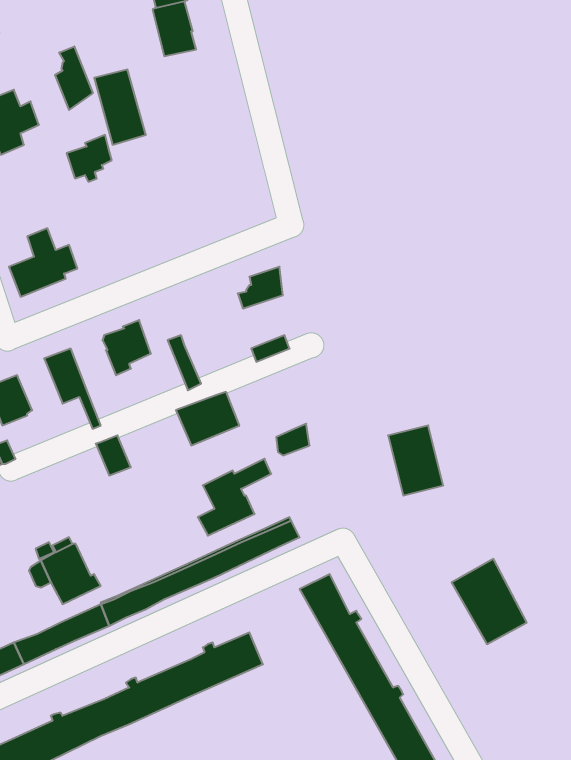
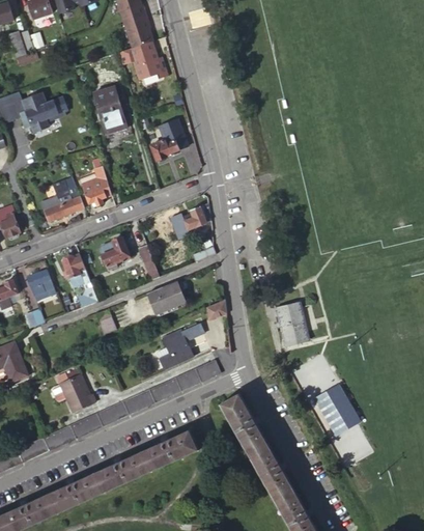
building: [55,46,93,110] -> none
building: [67,135,112,182] -> [82,177,110,206]
building: none -> [150,128,183,161]

